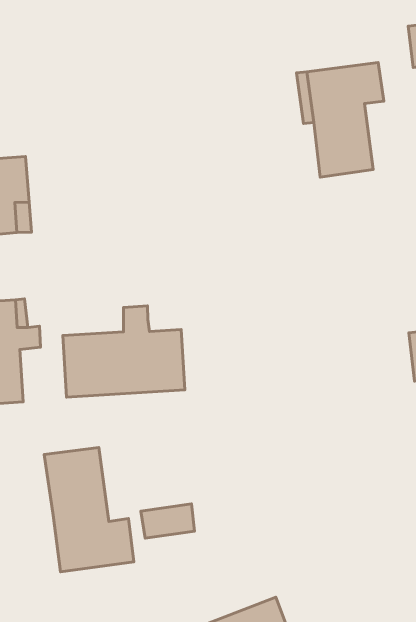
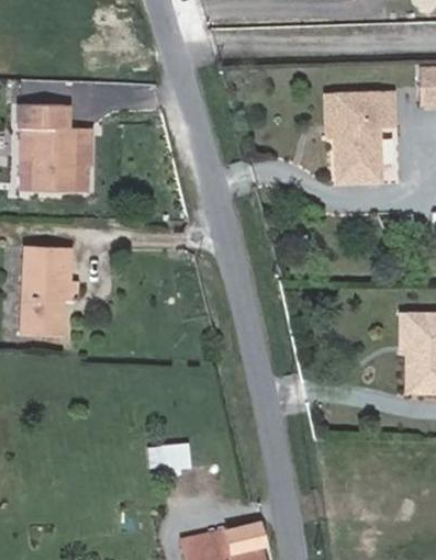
building: [63,306,185,397] -> none
building: [44,448,134,572] -> none

